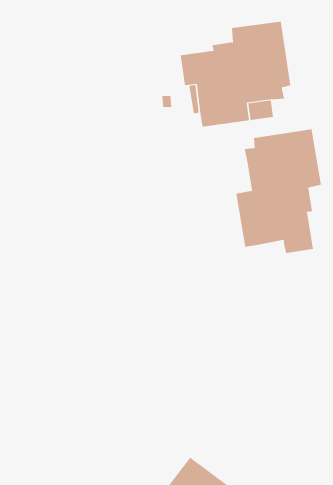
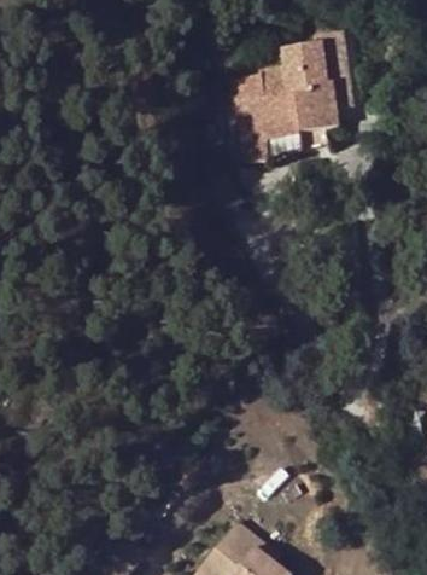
building: [236,129,322,254] -> none

